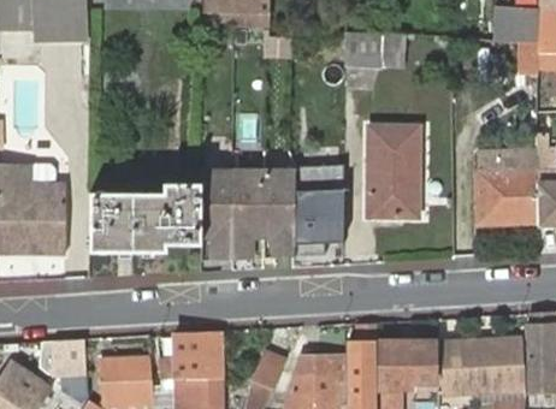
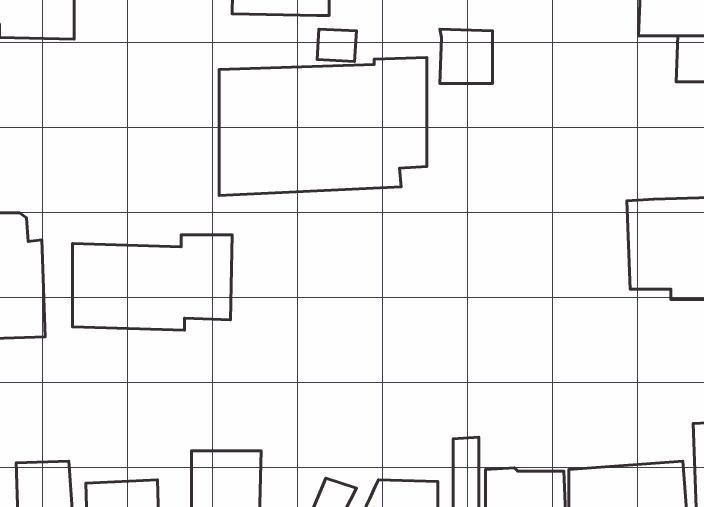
building: [374,126,424,217] -> none
building: [201,159,348,256] -> [219,58,427,195]

